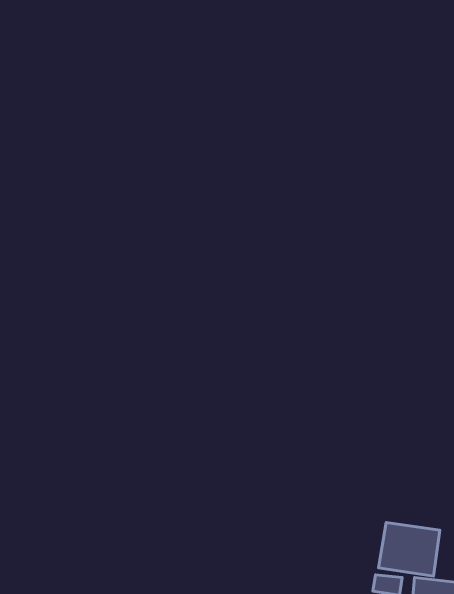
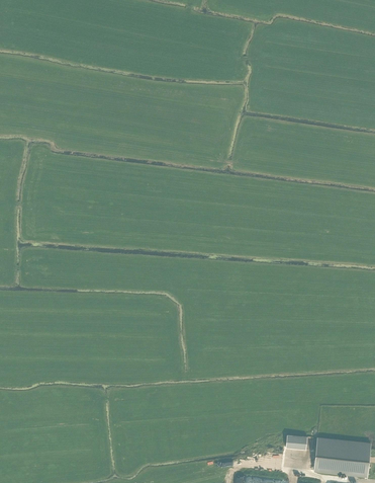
building: [379,522,440,576] -> none

